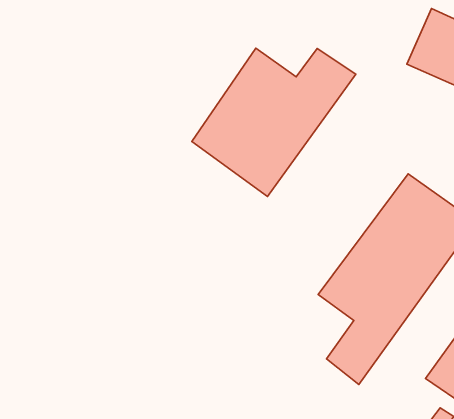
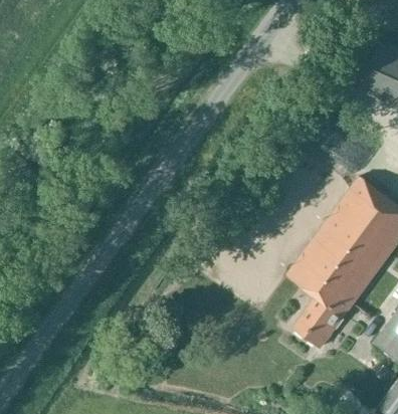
building: [192,48,356,196] -> none

